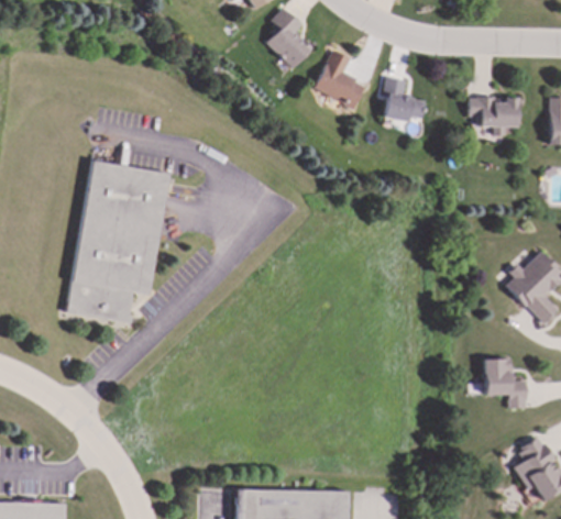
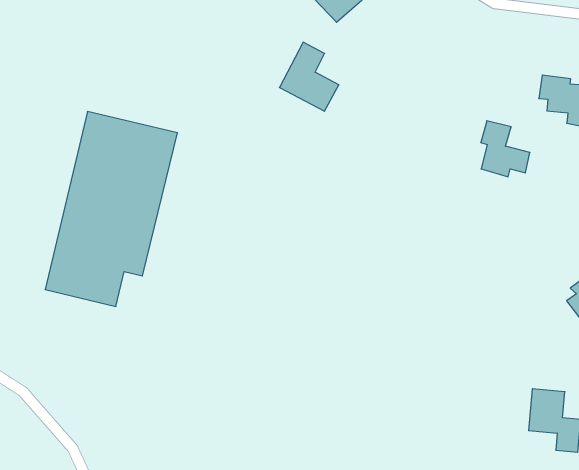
building: [315,51,364,107] -> [279,42,339,111]
building: [382,77,424,122] -> [481,121,530,177]

